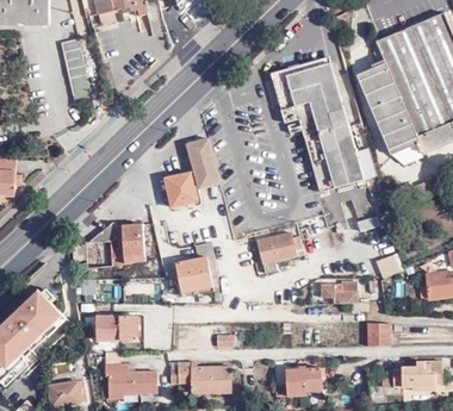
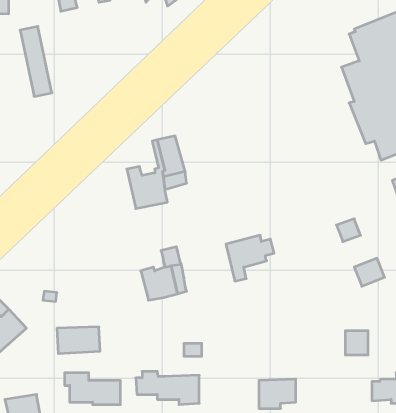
building: [272,56,366,197] -> none
building: [72,223,144,269] -> none
building: [321,282,356,304] -> none

